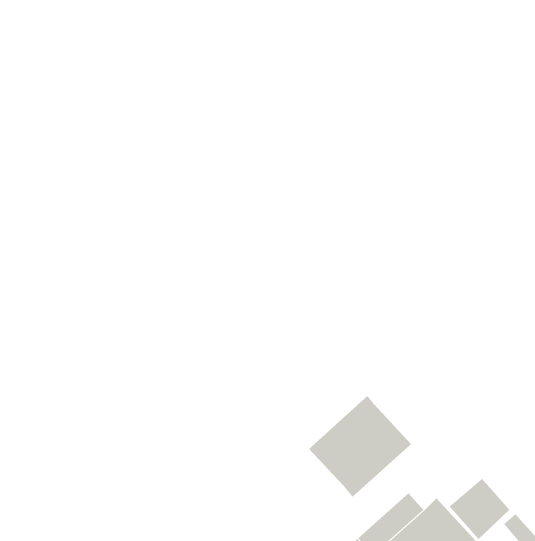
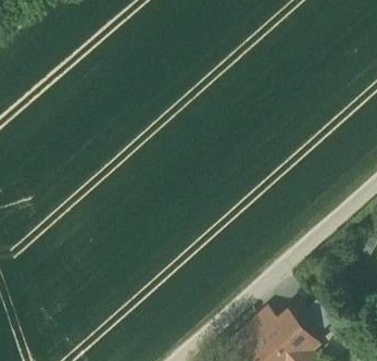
building: [308,395,412,498] -> none

